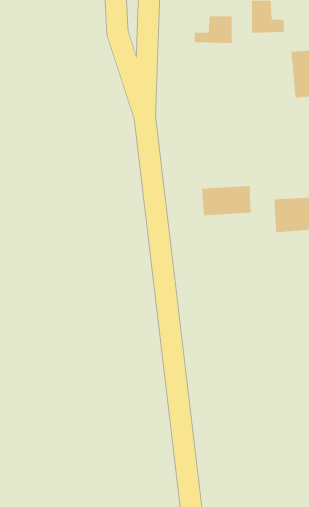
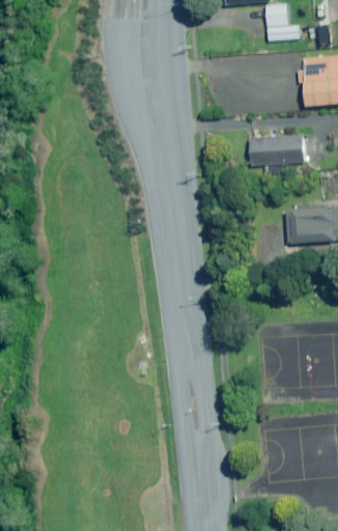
building: [194,15,232,44] -> none
building: [201,186,252,216] -> [249,133,301,164]

